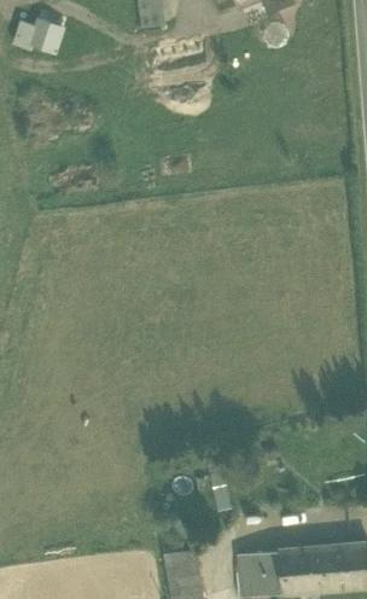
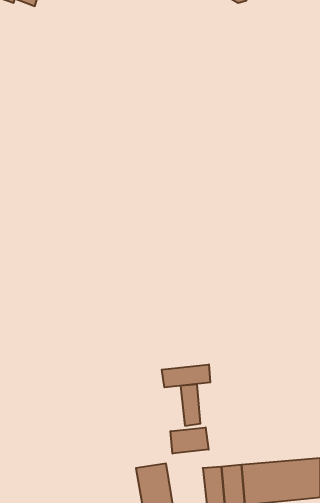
building: none -> [162,364,210,387]
building: none -> [171,427,209,454]

